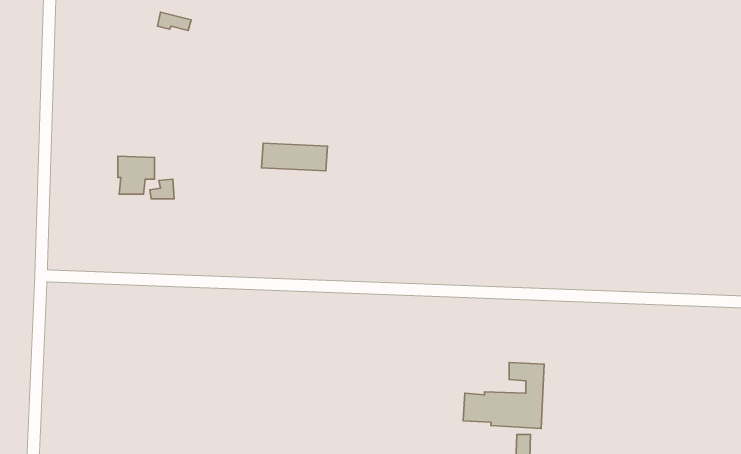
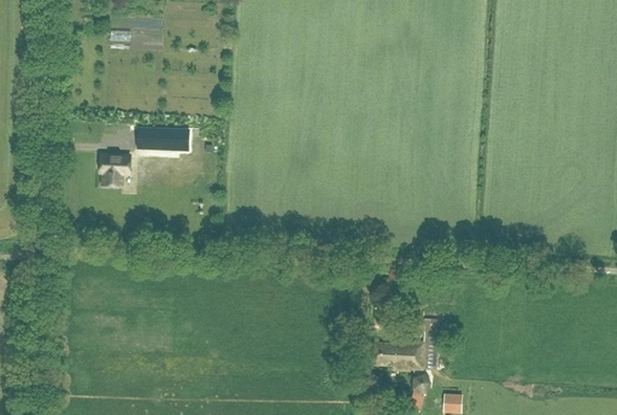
building: [262,143,327,171] -> [136,128,188,150]

